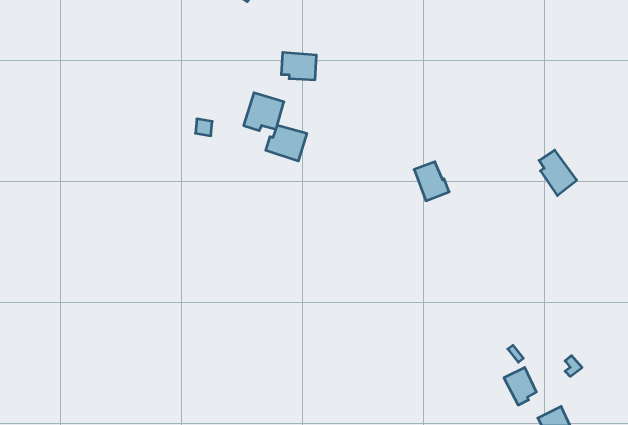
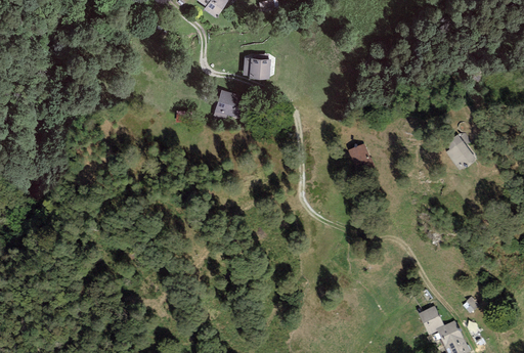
building: [266,125,307,161] -> none
building: none -> [436,319,463,345]

